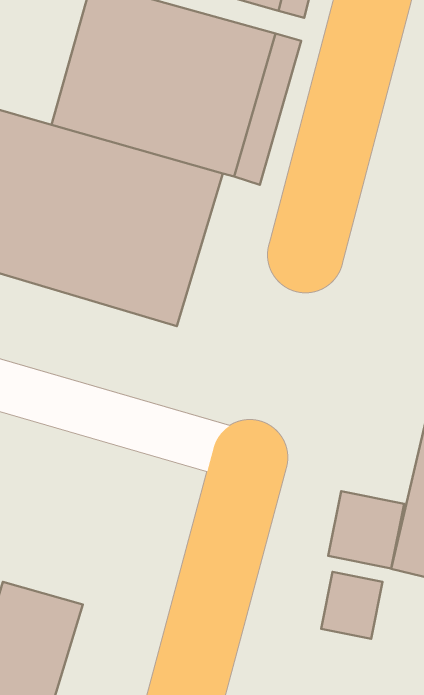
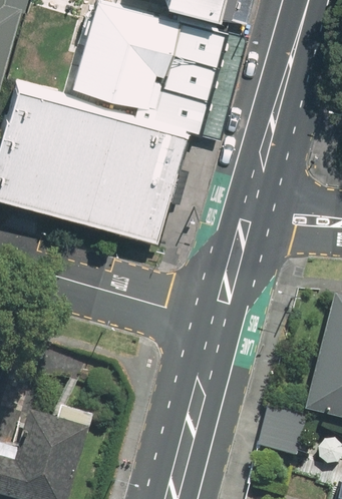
building: [328,491,404,568] -> none

